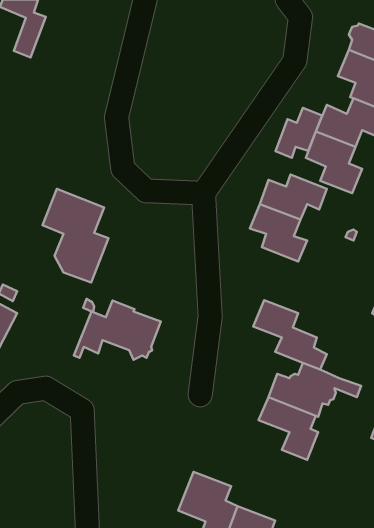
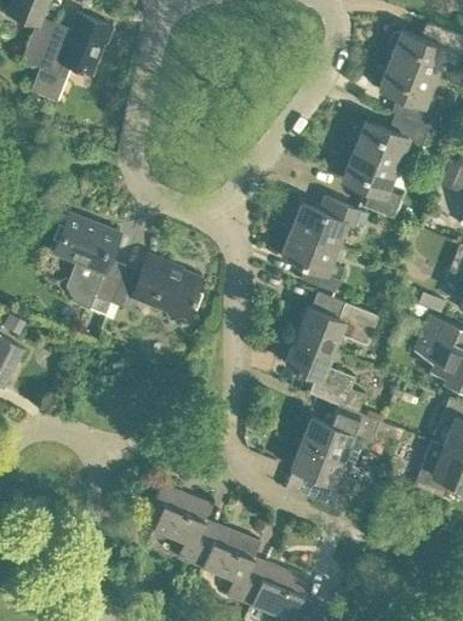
building: none -> [30,15,113,102]
building: [275,108,322,158] -> none
building: none -> [296,292,378,351]
building: [74,300,161,360] -> [105,256,201,321]
building: none -> [144,484,218,569]

